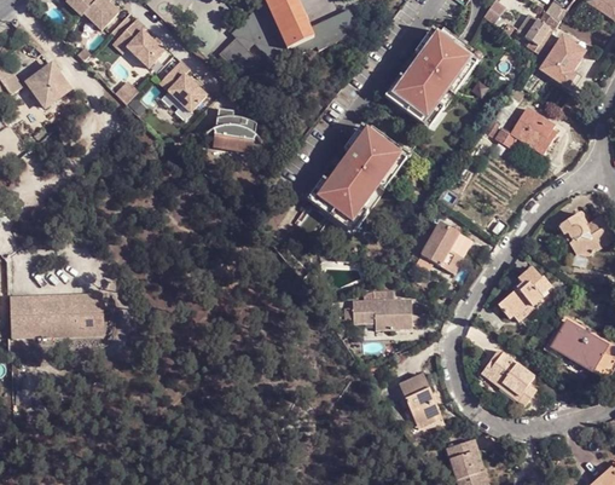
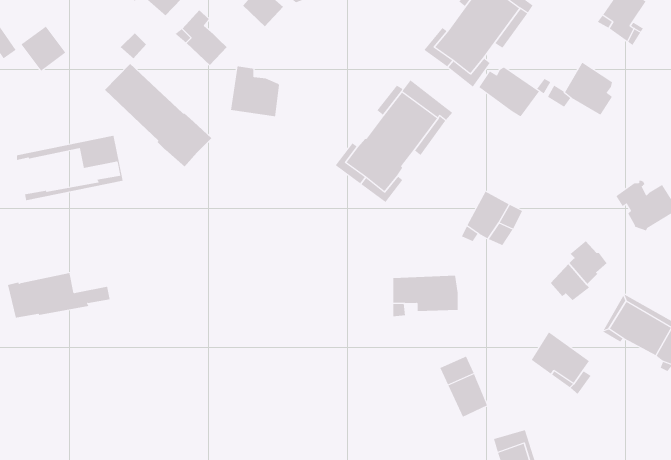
building: none -> [104,63,212,168]
building: none -> [479,67,540,117]
building: [8,283,105,342] -> [16,135,123,201]

